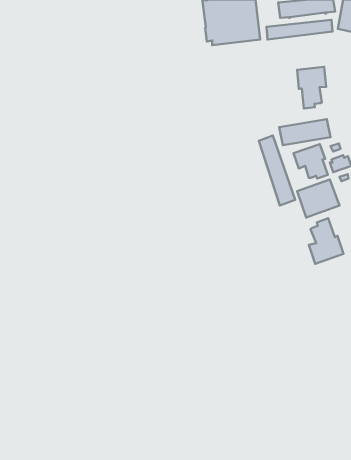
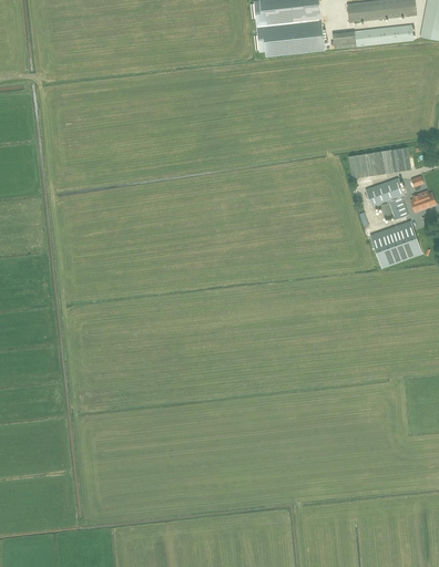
building: [297,67,326,109] -> none
building: [259,136,295,206] -> none
building: [309,218,343,264] -> none

